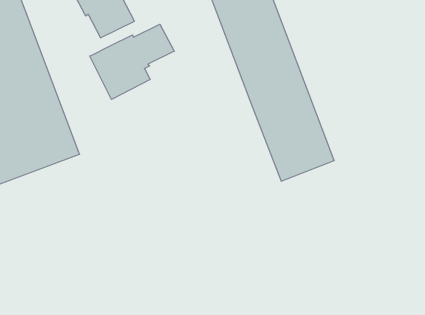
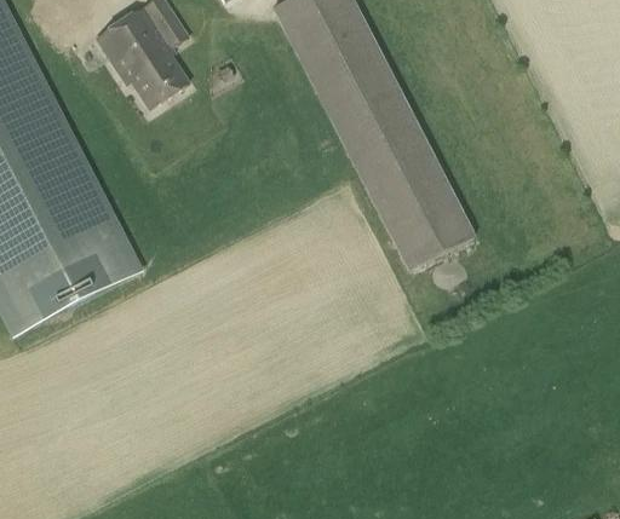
building: [90,24,174,99] -> none

